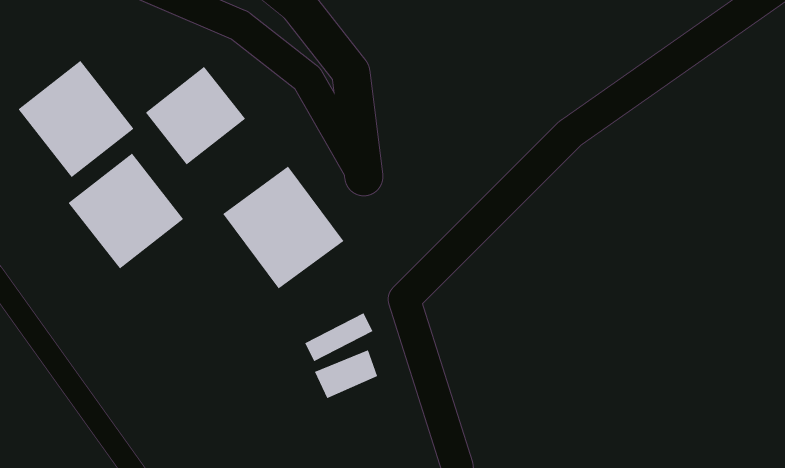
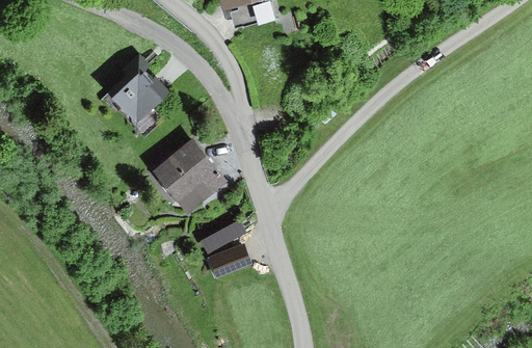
building: [17,60,134,178] -> none
building: [68,153,184,270] -> none

